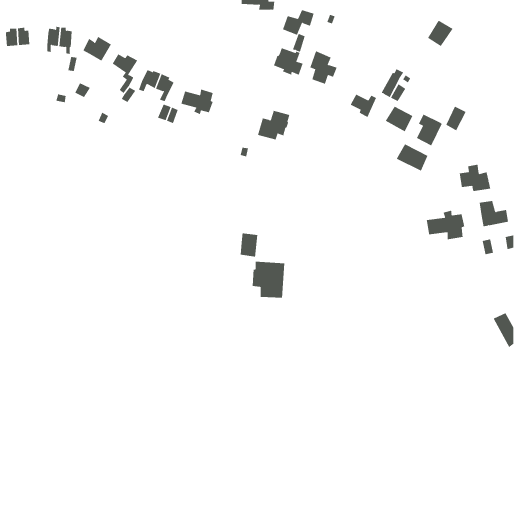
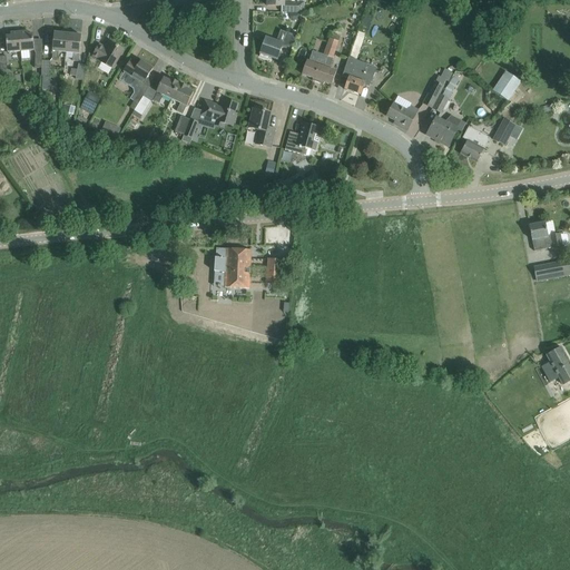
building: [282,9,315,36] -> [259,30,295,59]
building: [427,20,453,47] -> [493,69,522,99]
building: none -> [248,106,274,147]
building: [396,144,428,172] -> none
building: [459,164,491,192] -> none
building: [426,210,465,240] -> none
building: [252,261,285,298] -> [214,247,250,288]

